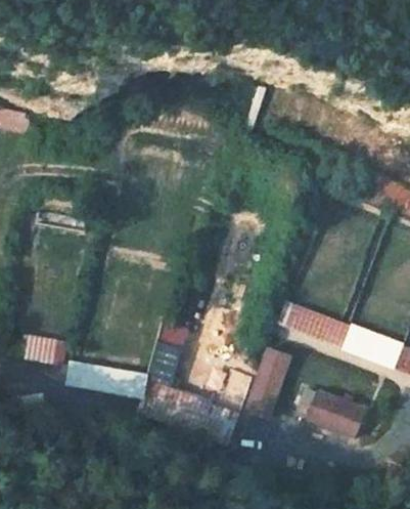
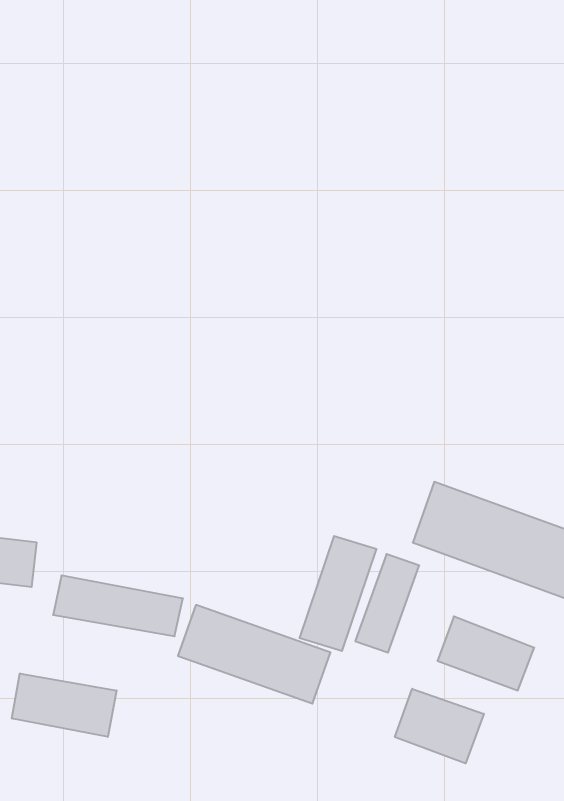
building: none -> [12,673,117,737]
building: none -> [395,689,484,763]

